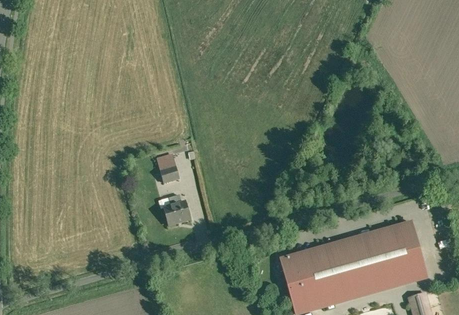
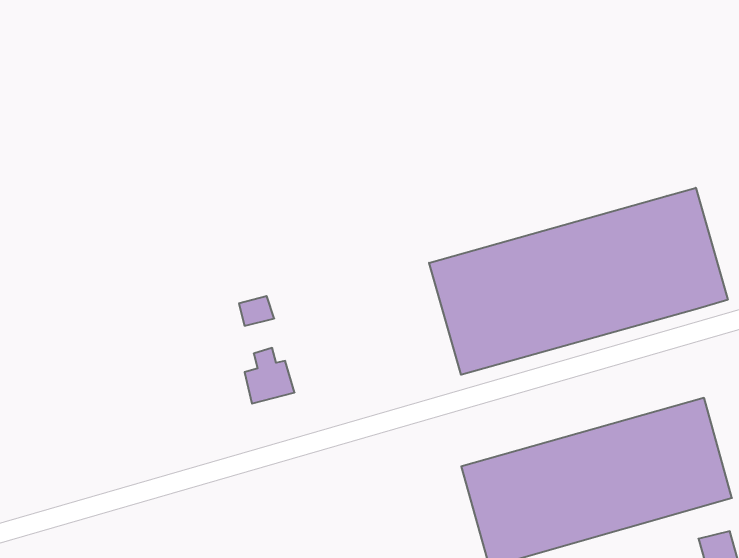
building: none -> [429,188,728,375]

